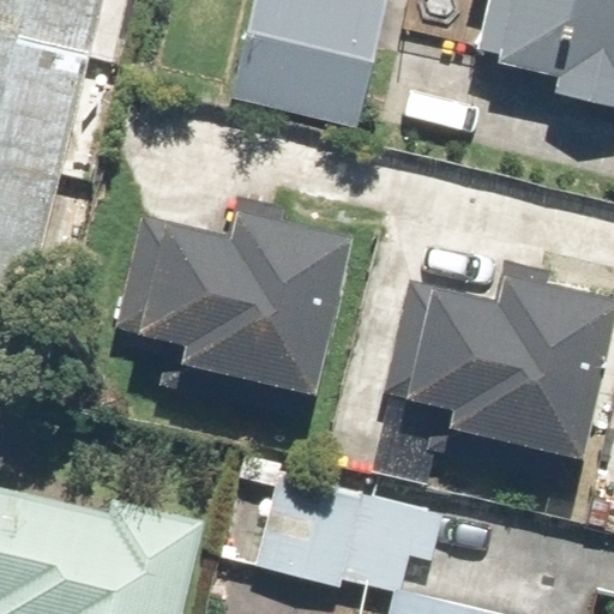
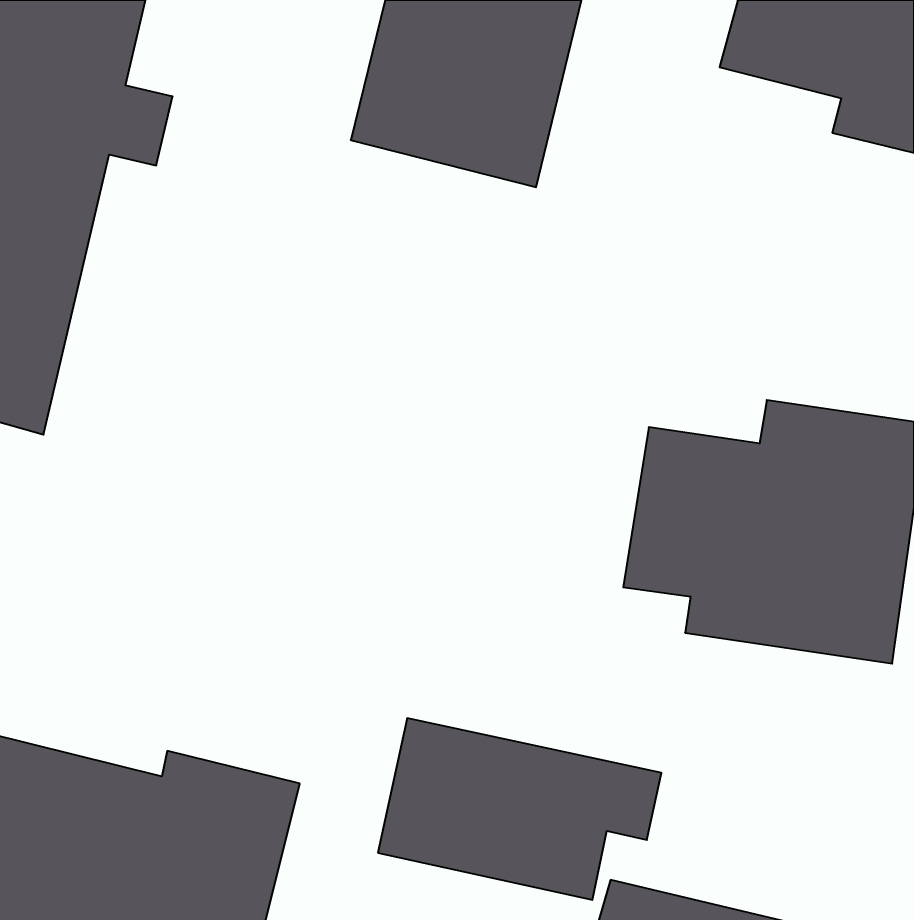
building: [145,200,351,384] -> none

